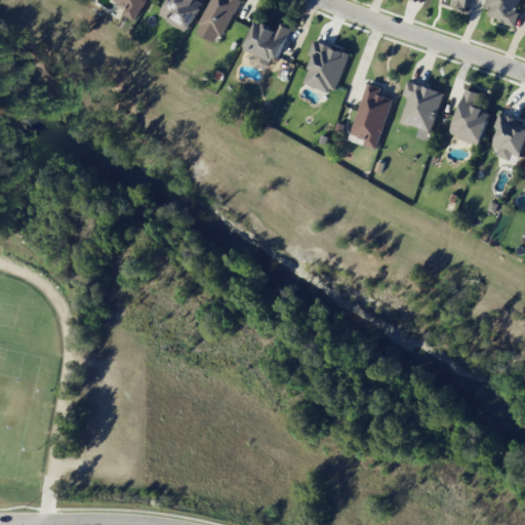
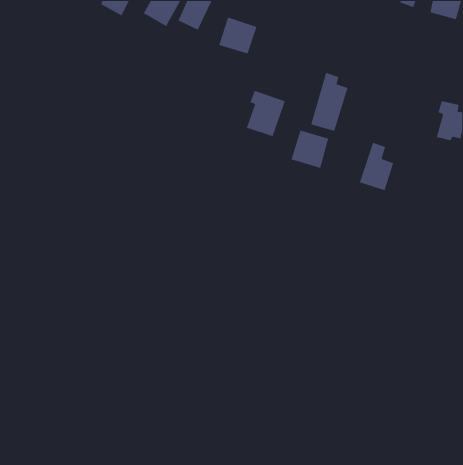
building: [302,40,348,93] -> [246,90,286,137]
building: [398,80,442,131] -> none
building: [451,88,491,144] -> [359,142,394,191]
building: none -> [291,130,329,169]

